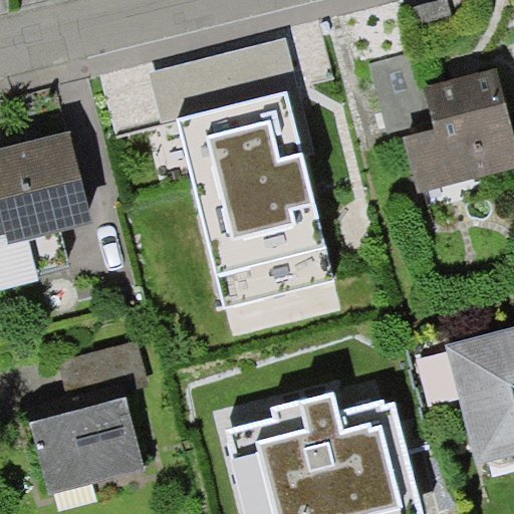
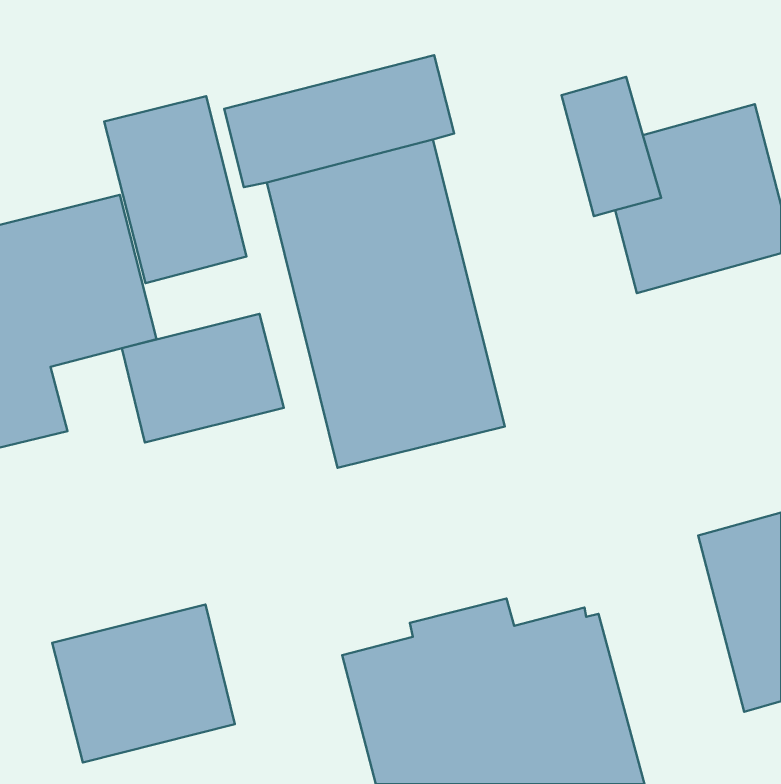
building: none -> [104,96,247,283]
building: none -> [122,314,284,443]

